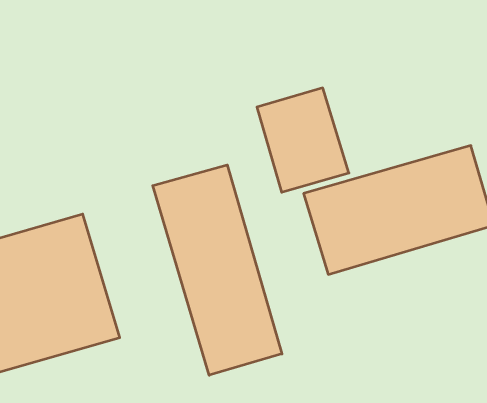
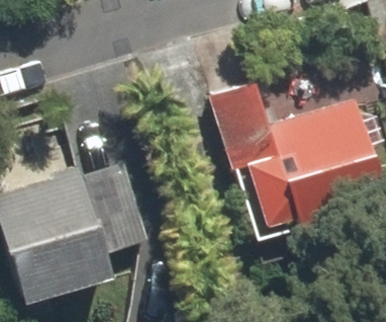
building: [153,165,282,375] -> none

